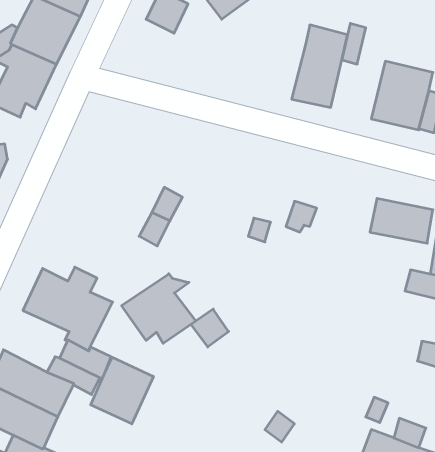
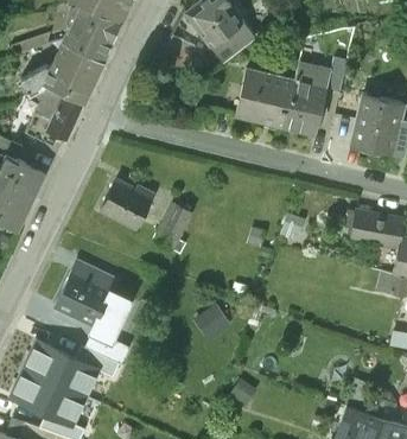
building: none -> [235,69,294,127]
building: none -> [100,177,152,227]
building: [122,274,196,343] -> none
building: [91,357,153,424] -> none

